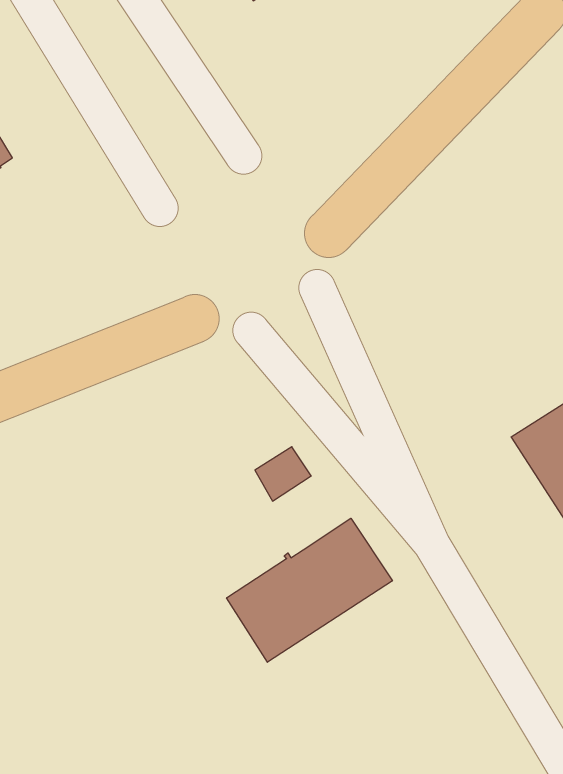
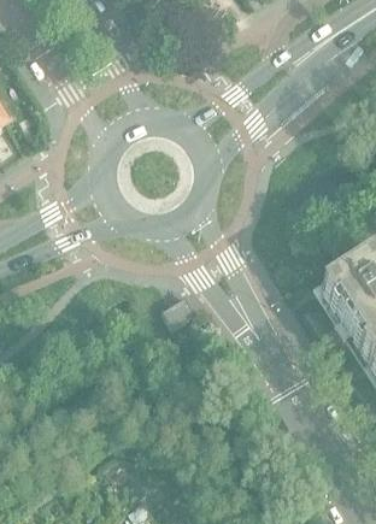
building: [227,518,392,662] -> none

